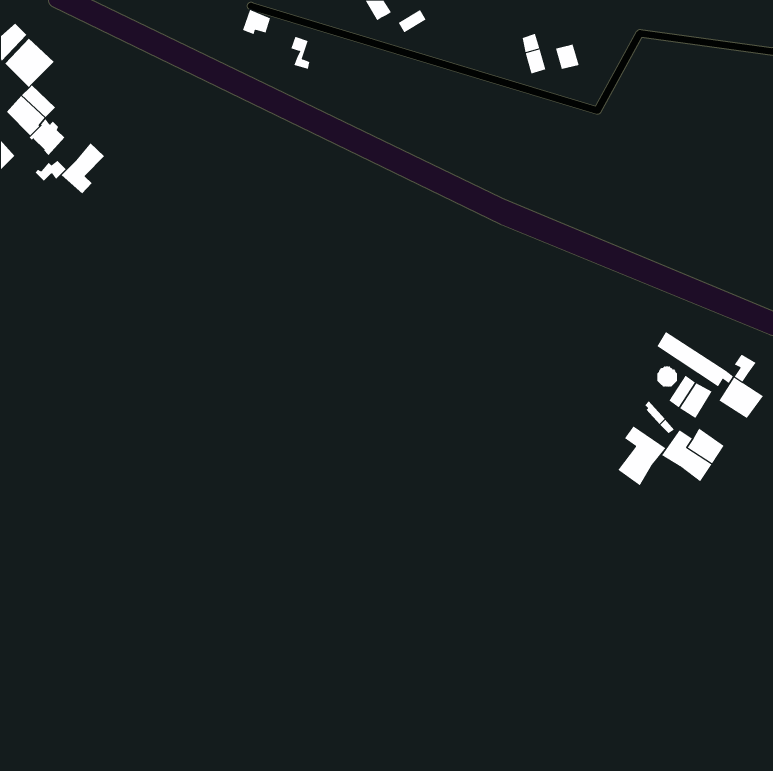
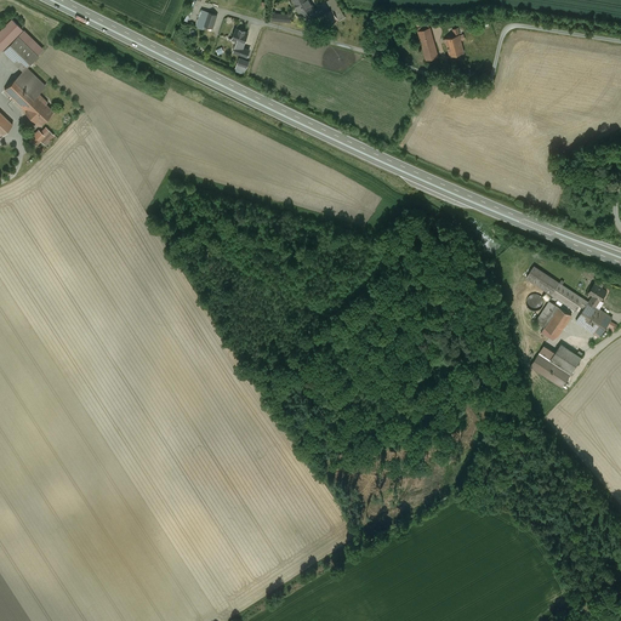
building: [61,142,105,194] -> none
building: [617,426,666,486] -> none

